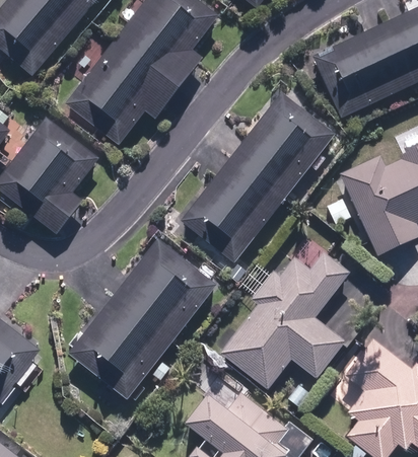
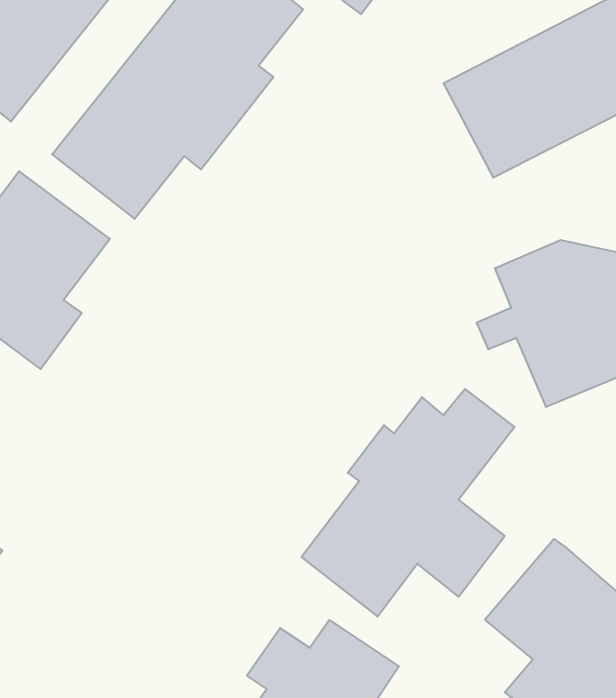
building: [178,94,334,264] -> none
building: [69,238,215,397] -> none

